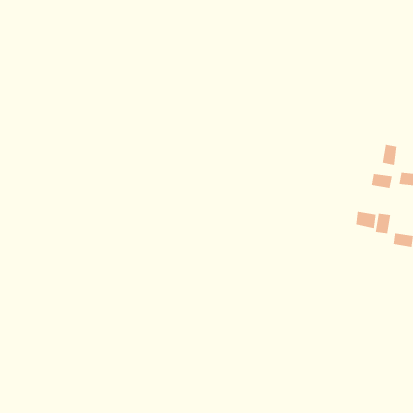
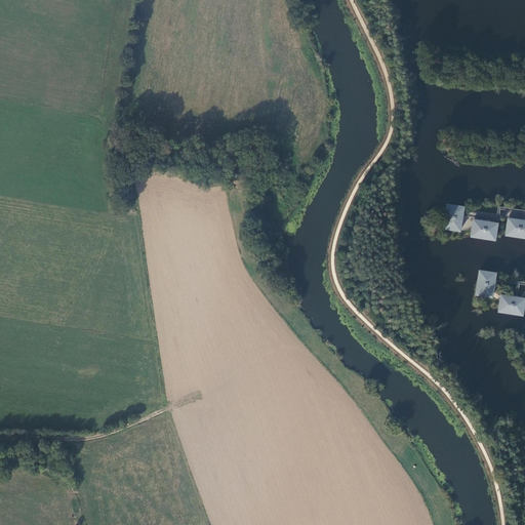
building: [382,144,397,166] -> [444,203,463,231]
building: [355,211,377,229] -> none

